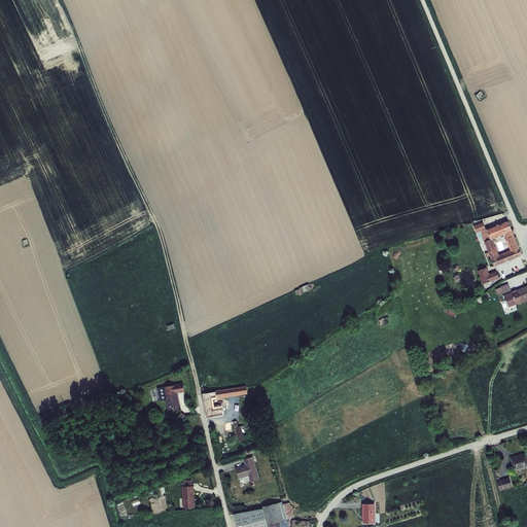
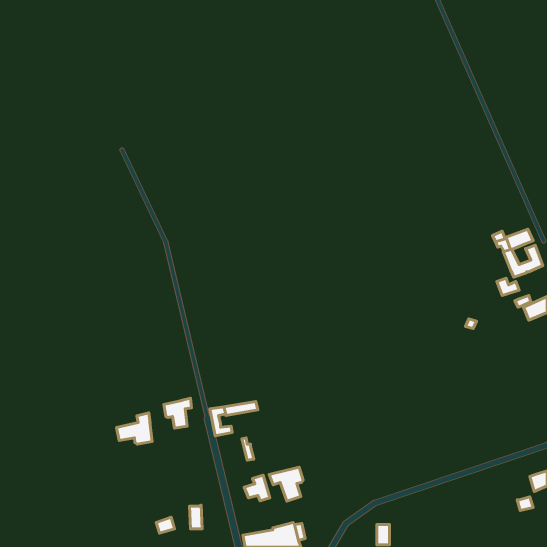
building: none -> [117,413,152,444]
building: none -> [269,467,303,501]

